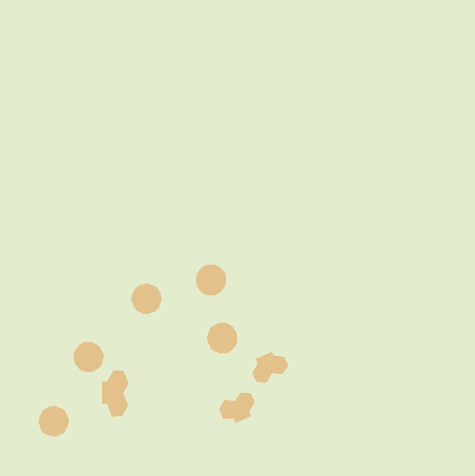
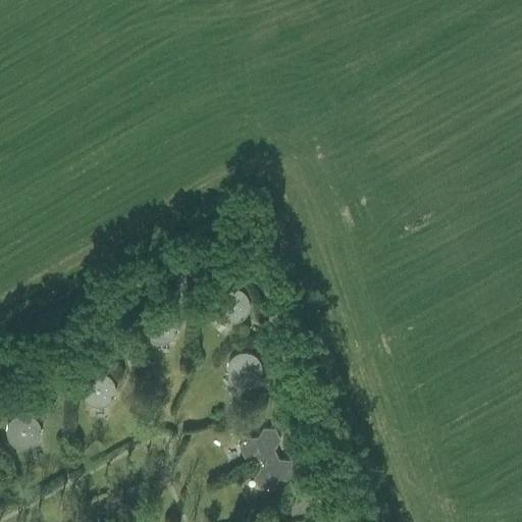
building: [251,351,289,383] -> [255,456,297,490]
building: [102,370,129,417] -> none
building: [38,406,70,437] -> [7,415,42,450]

